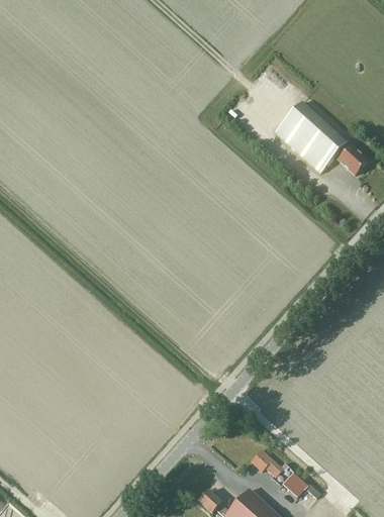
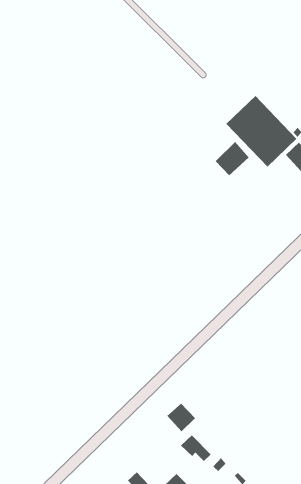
building: none -> [215,141,250,176]
building: none -> [167,403,196,432]

